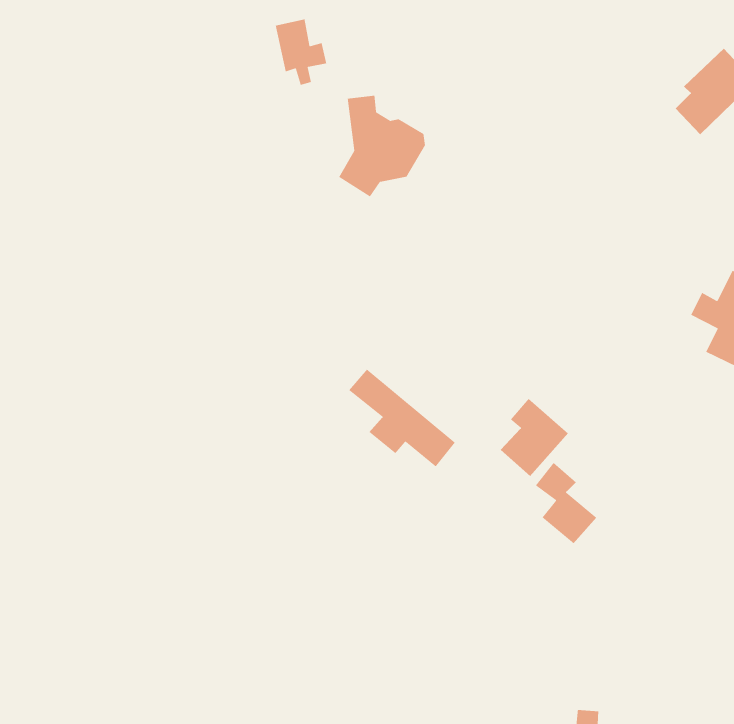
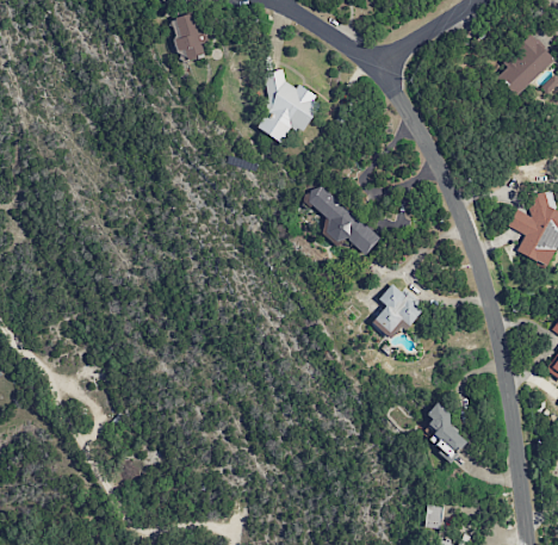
building: [275,19,327,86] -> [172,13,209,61]
building: [348,368,456,468] -> [304,185,380,255]
building: [535,462,597,544] -> [423,402,467,460]

